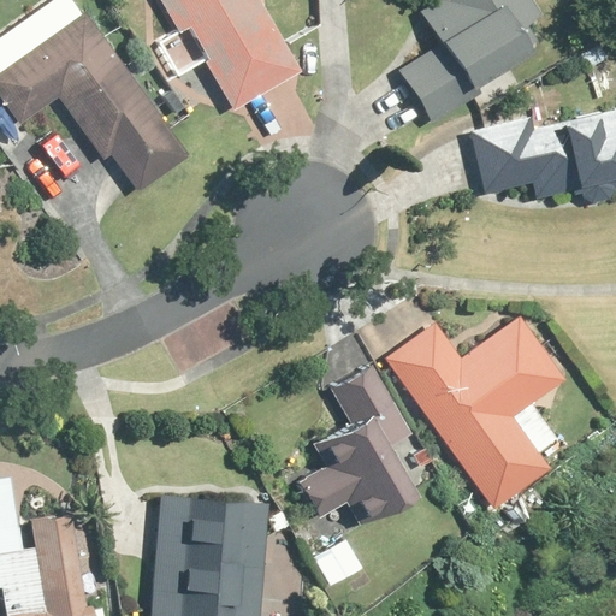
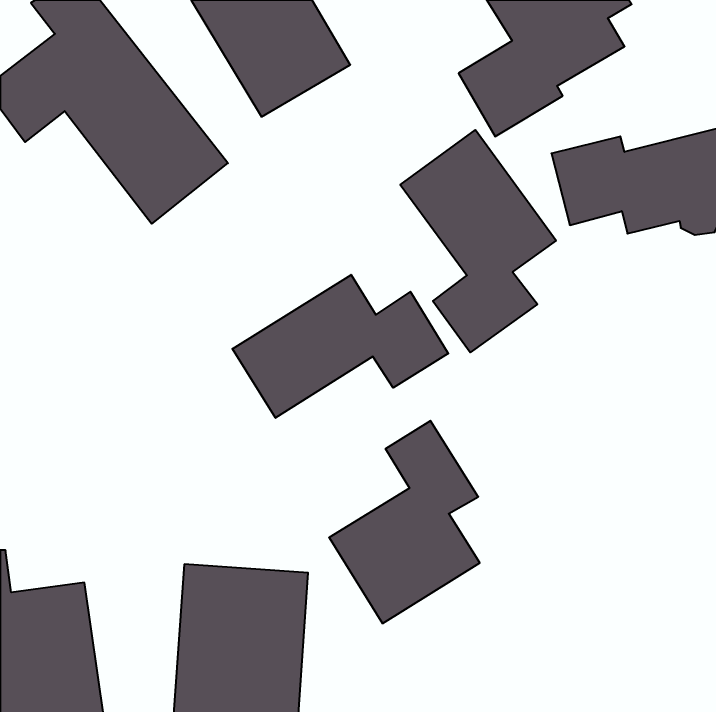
building: none -> [400,130,556,352]
building: none -> [232,275,448,418]
building: [384,314,569,508] -> none

